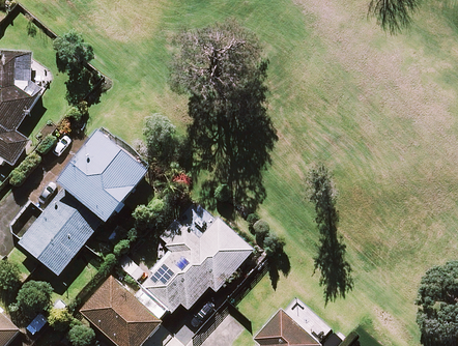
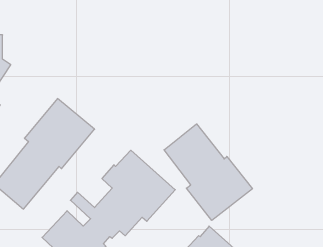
building: none -> [164,124,252,220]

